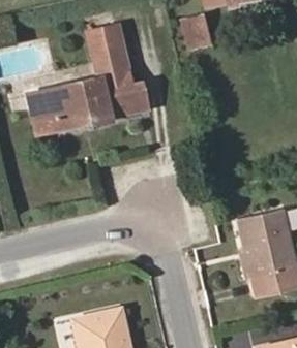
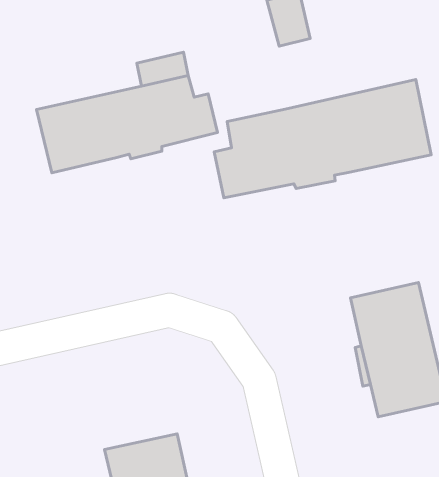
building: [87,25,125,62] -> none
building: none -> [214,79,431,198]

